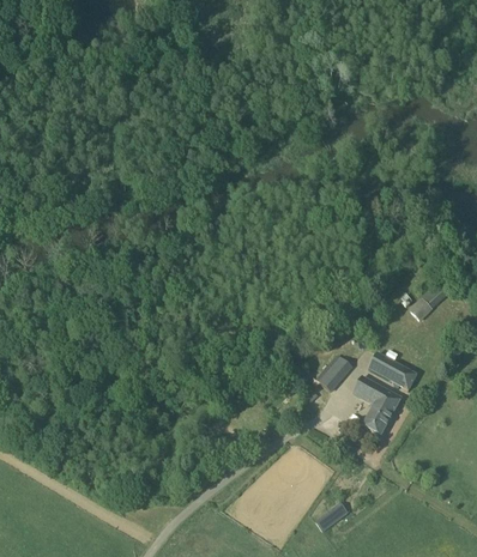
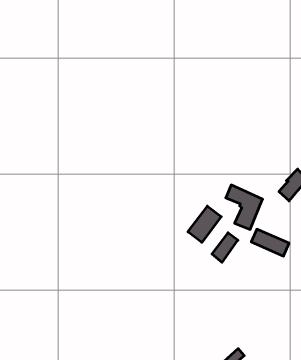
building: none -> [188,206,221,242]
building: [354,376,400,435] -> [226,185,263,229]

